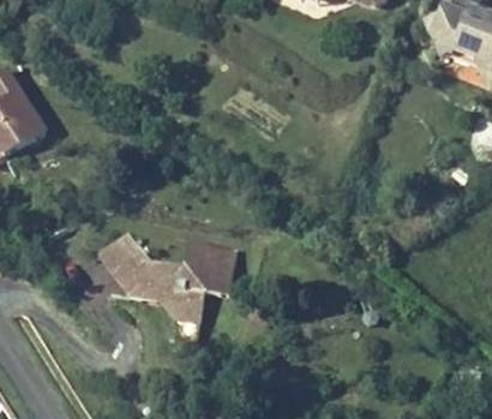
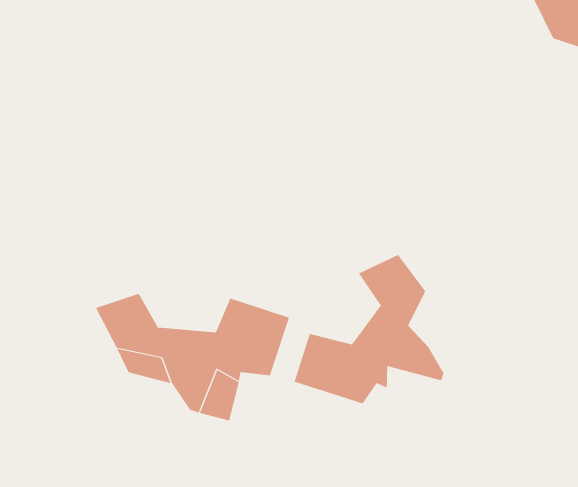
building: none -> [294,254,444,404]

